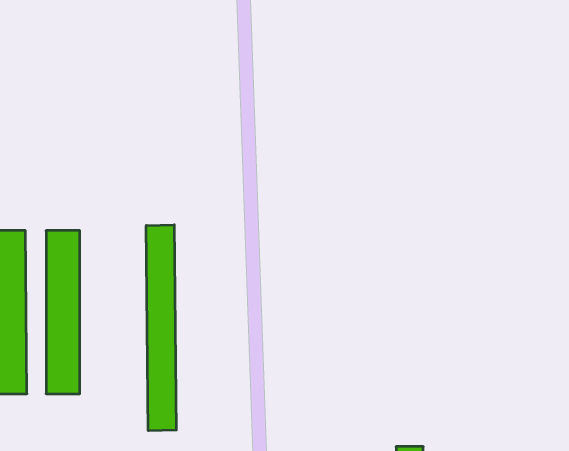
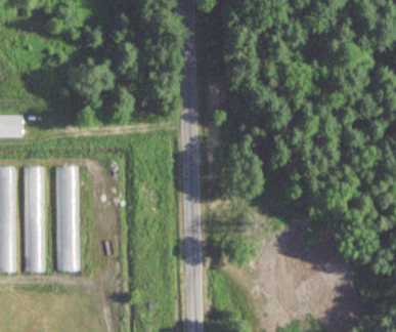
building: [146,225,176,431] -> none

